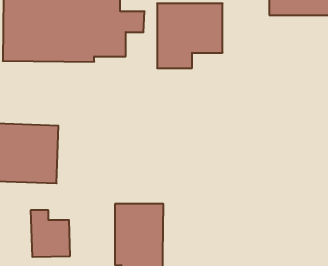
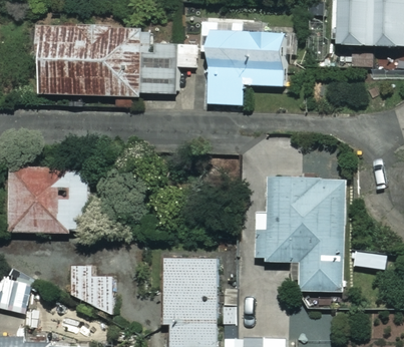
building: none -> [253,178,346,287]

